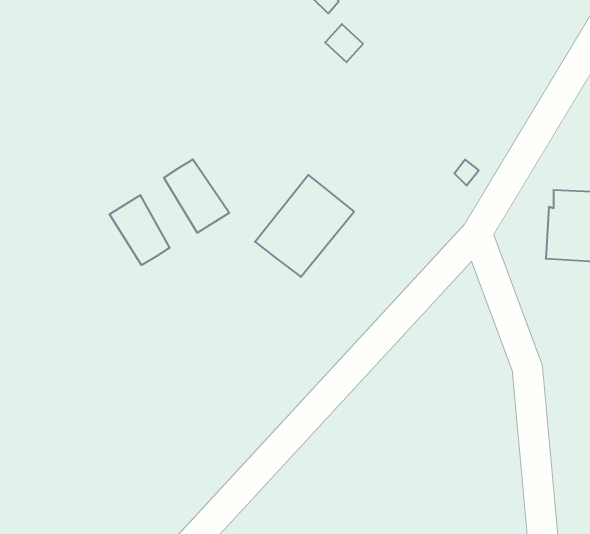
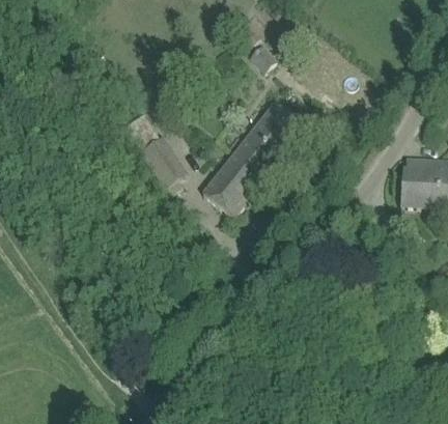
building: none -> [237,103,304,172]
building: [110,195,170,265] -> none

